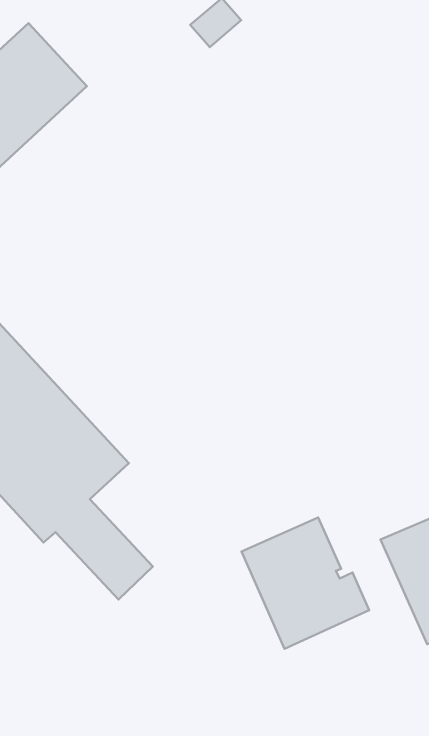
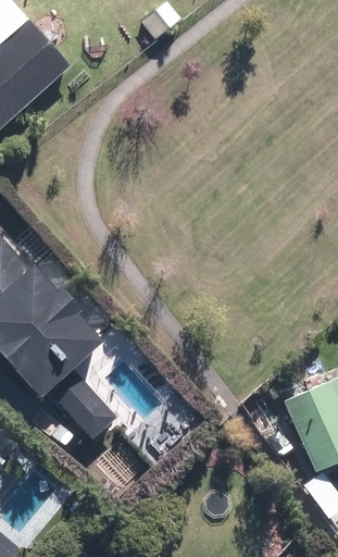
building: [242,518,369,649] -> none

